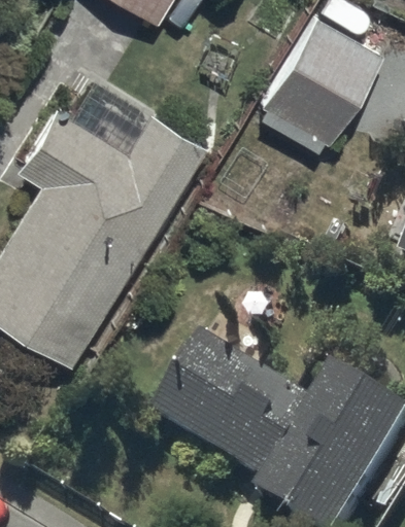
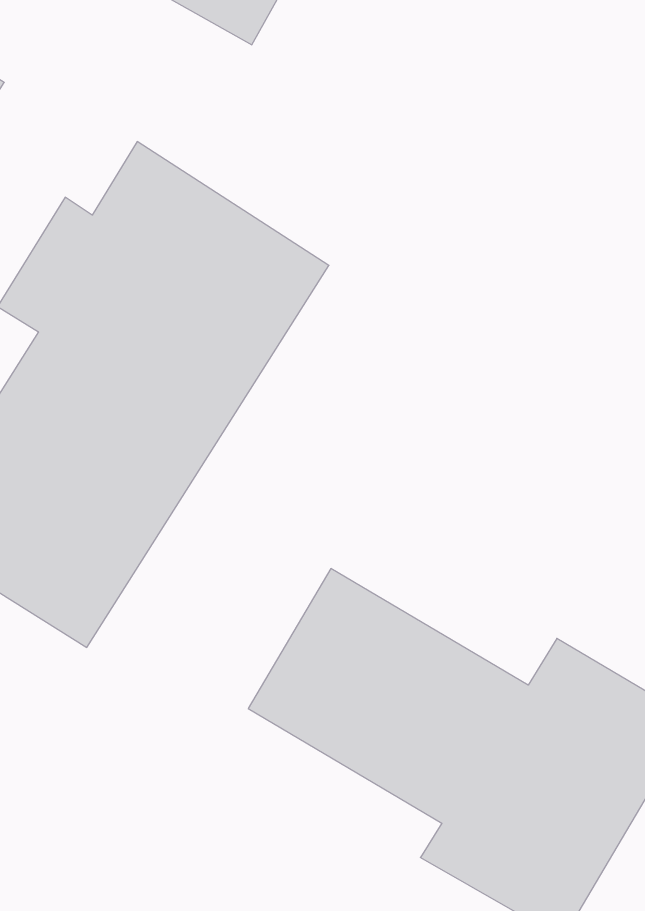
building: [261,20,384,153] -> none

